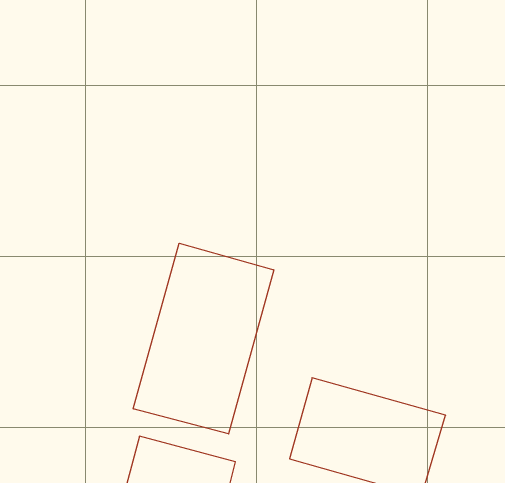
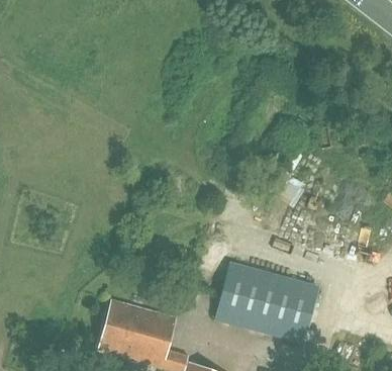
building: [133,243,274,434] -> none

